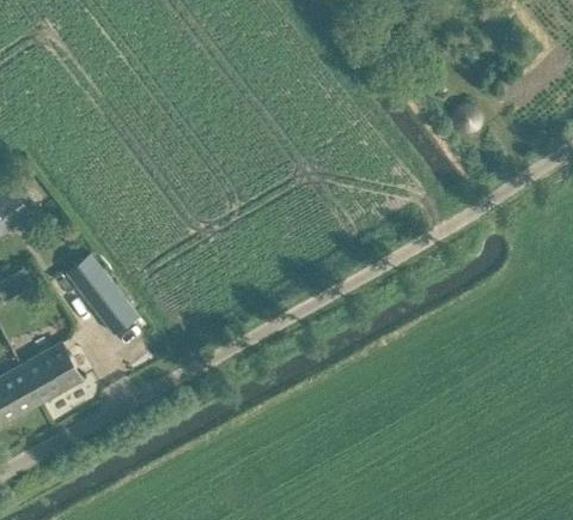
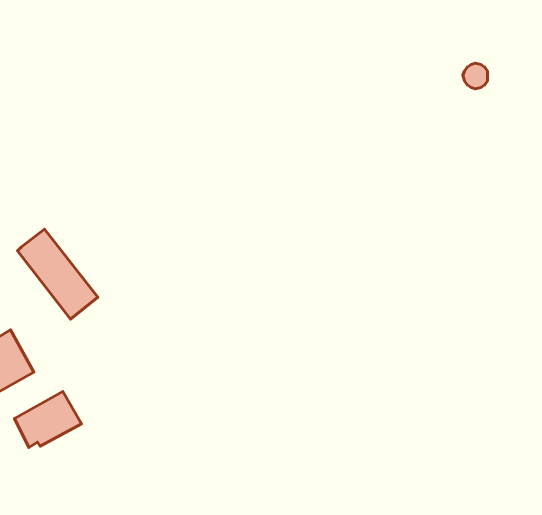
building: none -> [15,392,82,448]

